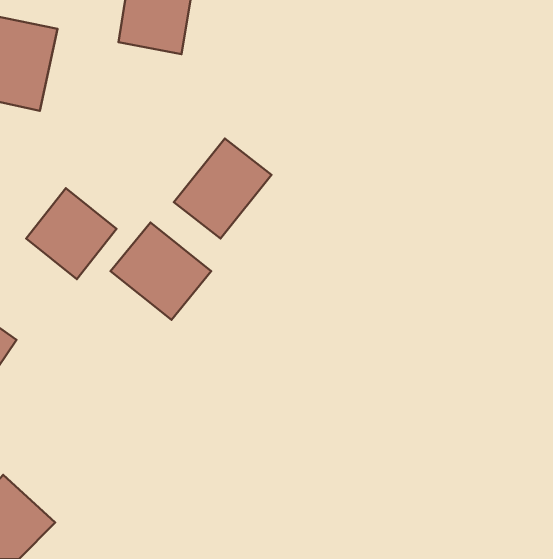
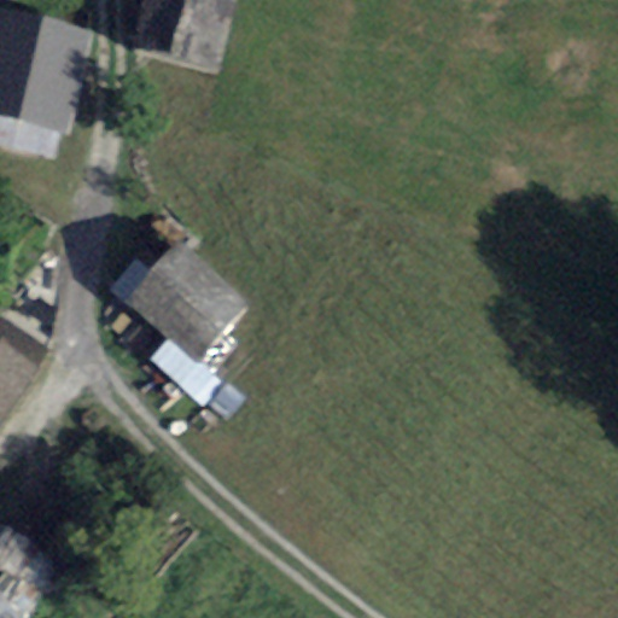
building: [174,139,271,239] -> none
building: [26,188,116,279] -> none

